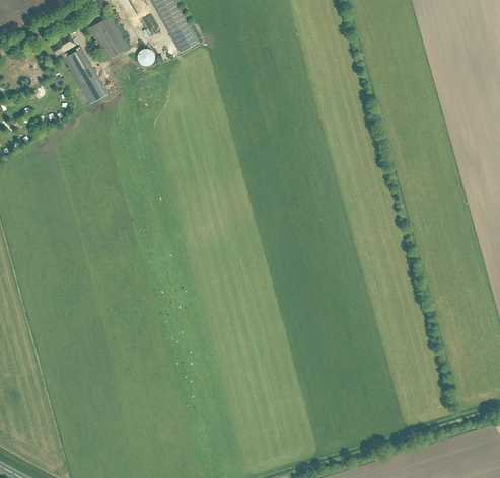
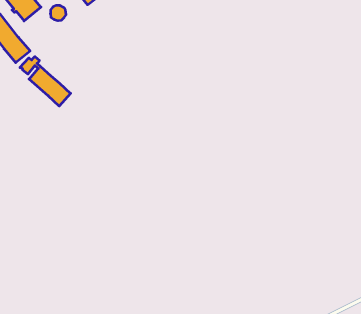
building: none -> [20,57,71,106]

